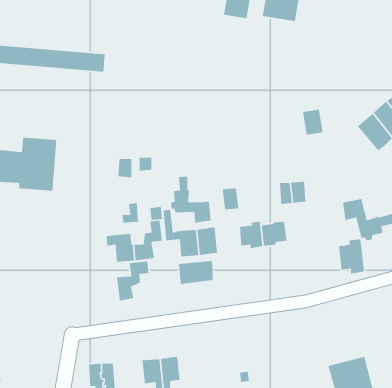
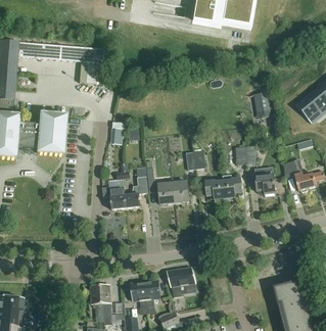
building: [170,176,211,223] -> none
building: [338,238,365,274] -> [253,167,274,194]
building: [178,260,214,285] -> none
building: [116,260,150,301] -> none
building: none -> [166,267,195,296]

